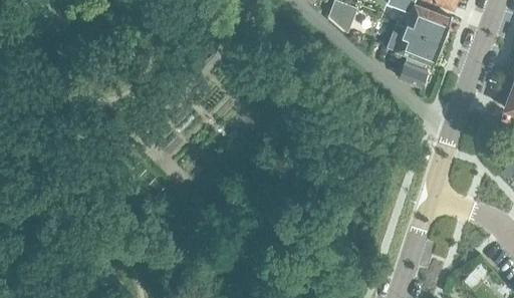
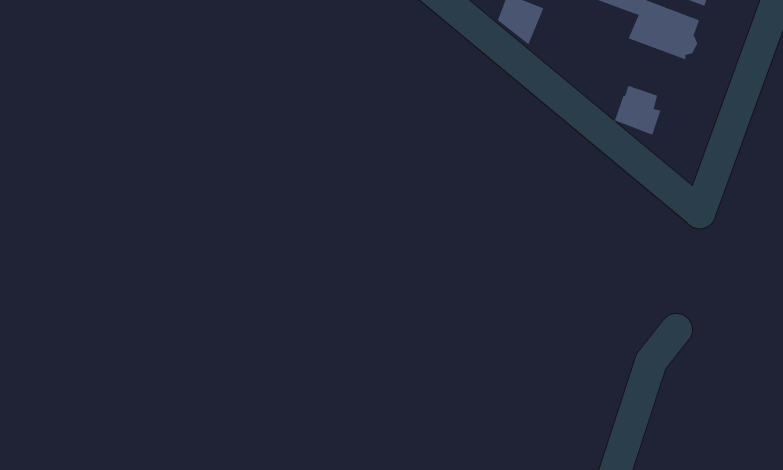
building: [388,22,444,64] -> none

